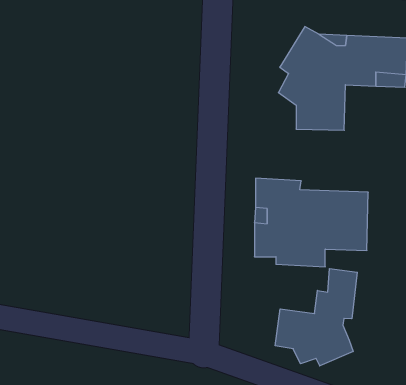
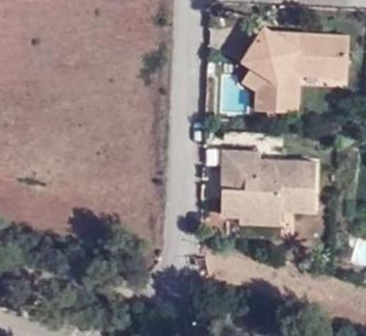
building: [275,269,357,366] -> none

